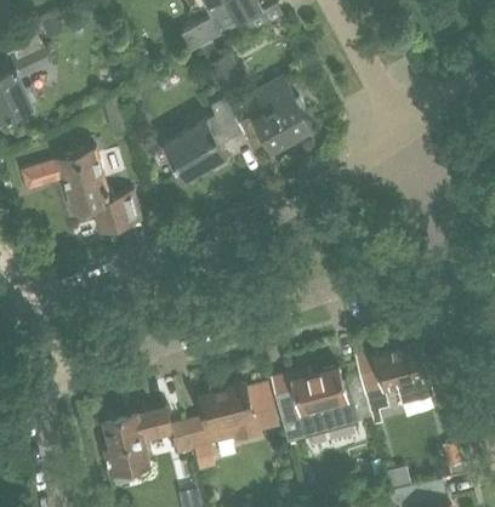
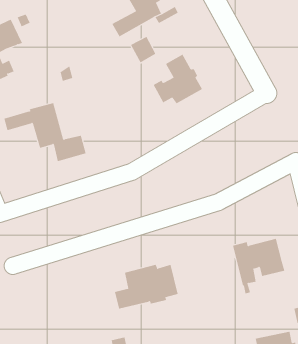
building: [164,99,244,182] -> none
building: [272,369,355,444] -> none
building: [104,406,189,482] -> none

